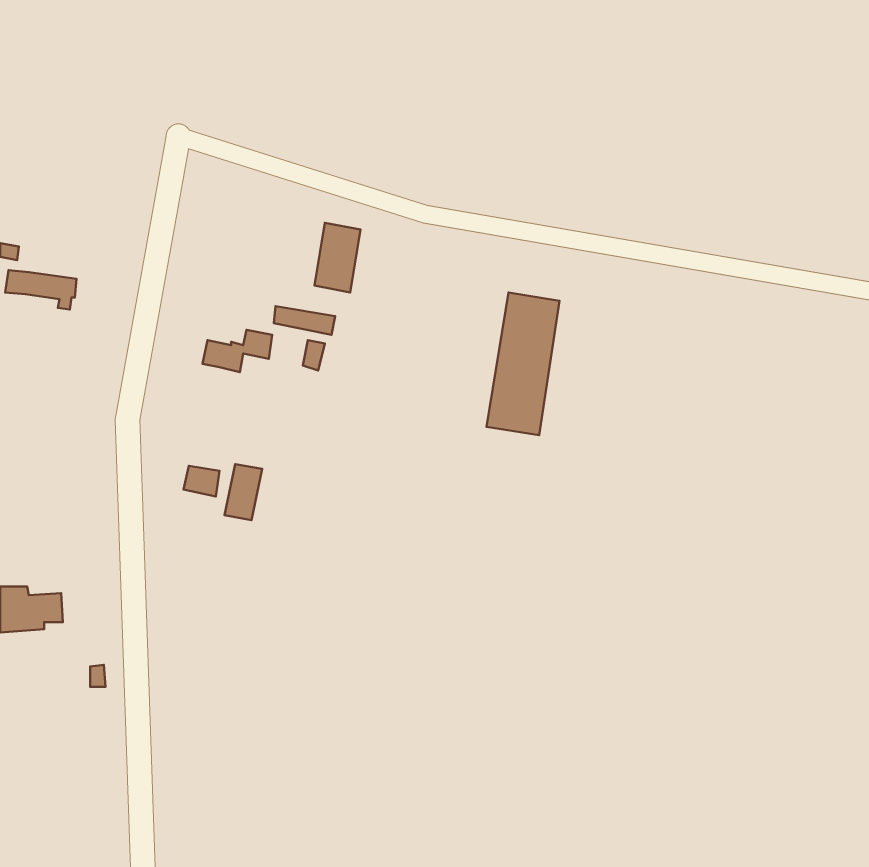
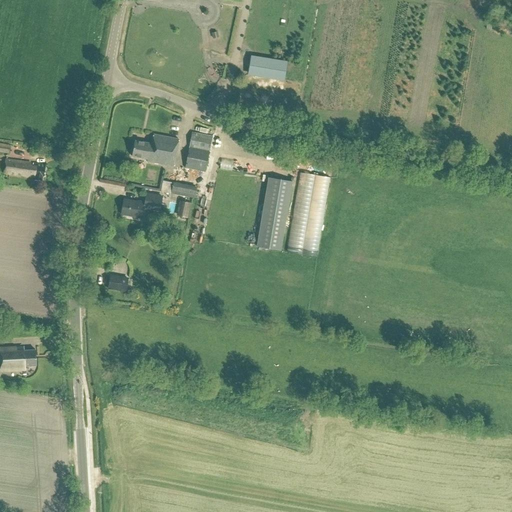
building: none -> [250,53,288,76]
building: none -> [130,133,178,166]
building: none -> [256,176,291,250]
building: [225,464,262,520] -> none

